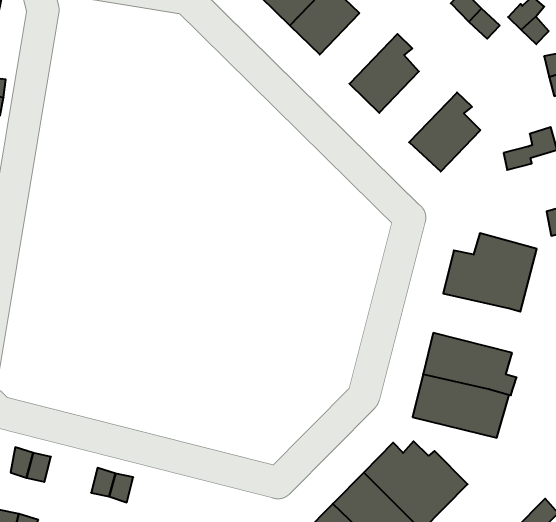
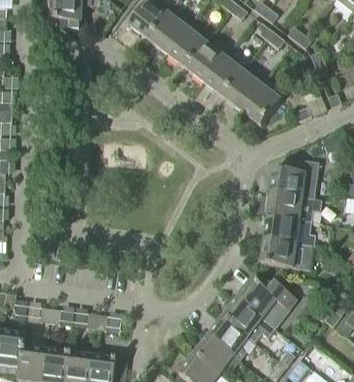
building: none -> [186,43,228,83]
building: none -> [223,72,265,112]
building: none -> [267,194,322,223]

